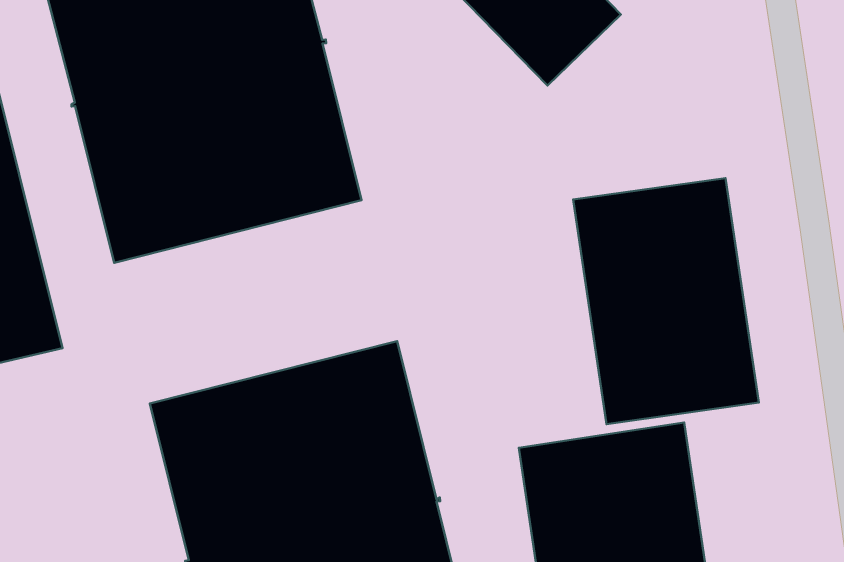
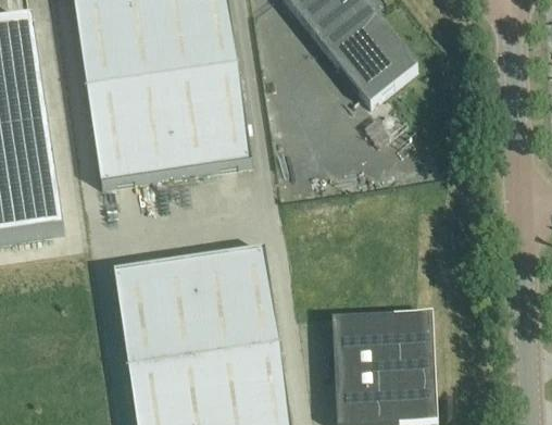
building: [573,178,759,424] -> none

